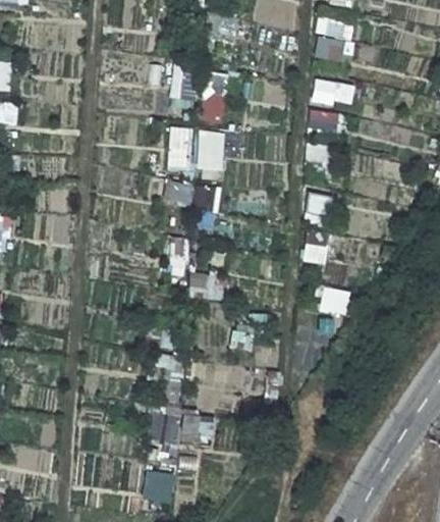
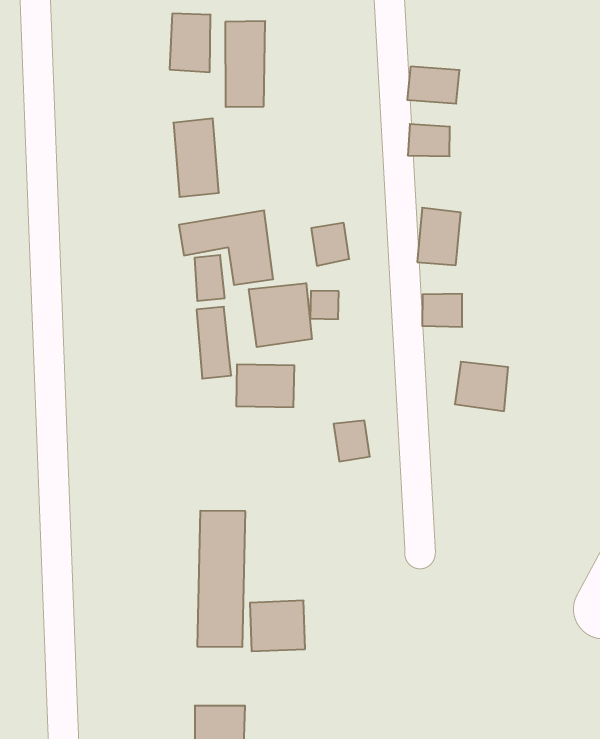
building: [313,81,352,104] -> none
building: [194,128,226,169] -> none
building: none -> [249,283,312,347]

